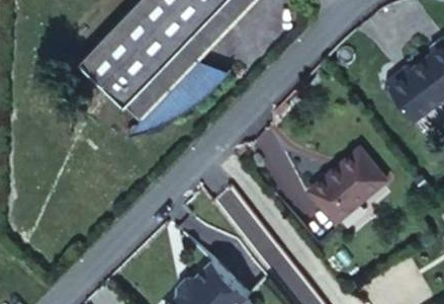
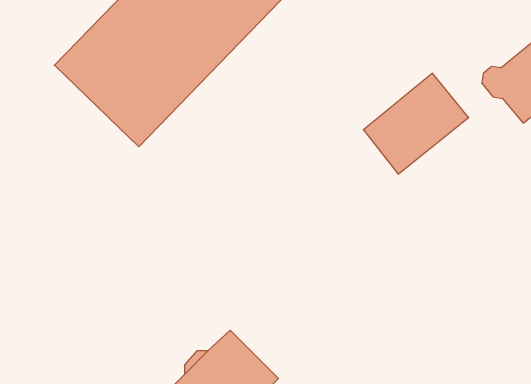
building: [308,146,385,220] -> [363,73,469,174]

